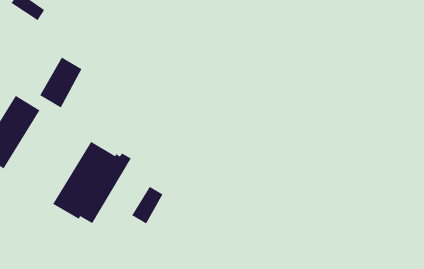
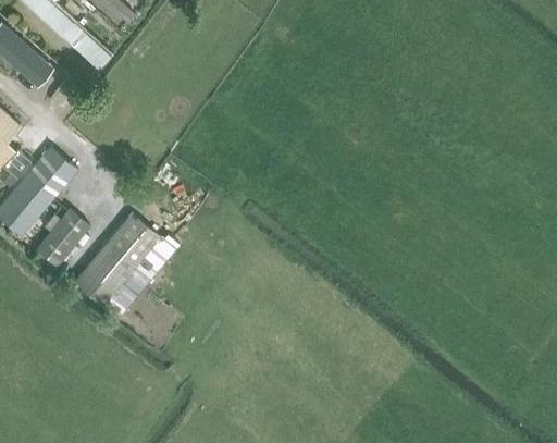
building: [39,57,83,109] -> [35,209,91,271]
building: [131,186,163,224] -> none

